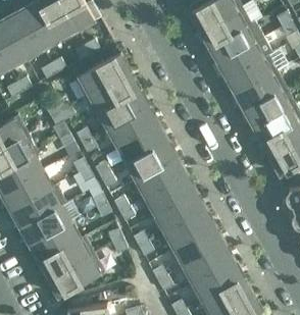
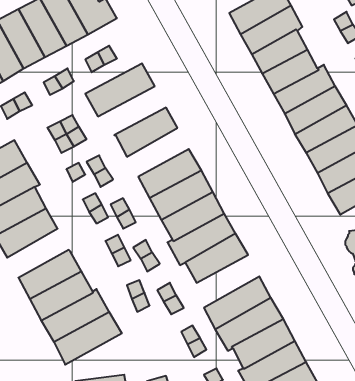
building: [85,71,140,114] -> none
building: [108,105,158,145] -> none
building: [11,185,66,226] -> none
building: [164,208,215,251] -> none

